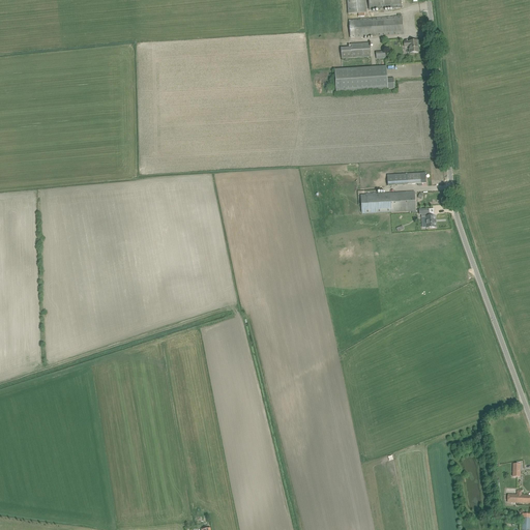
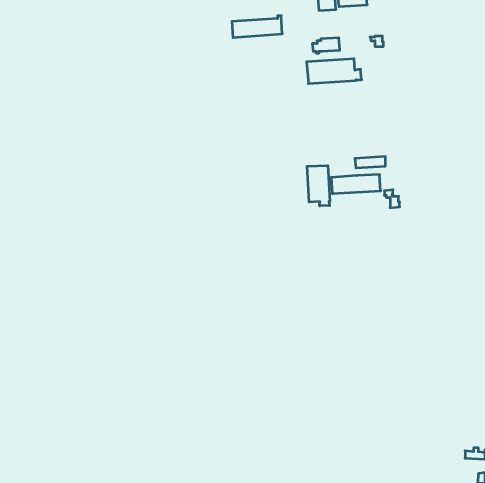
building: [348,12,403,36] -> [232,16,282,38]
building: none -> [307,166,330,206]

